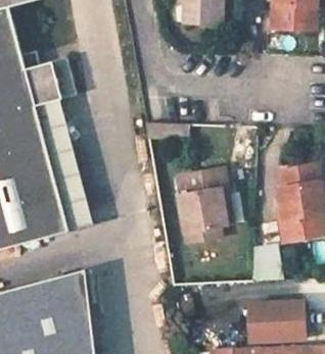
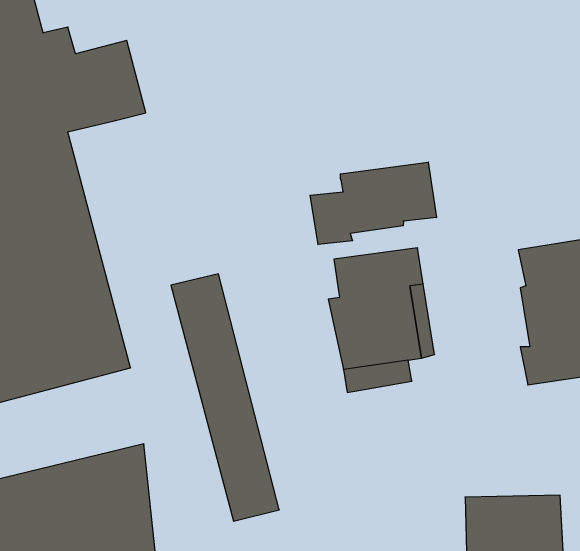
building: [37,100,95,233] -> [171,274,279,521]
building: none -> [310,162,436,245]

